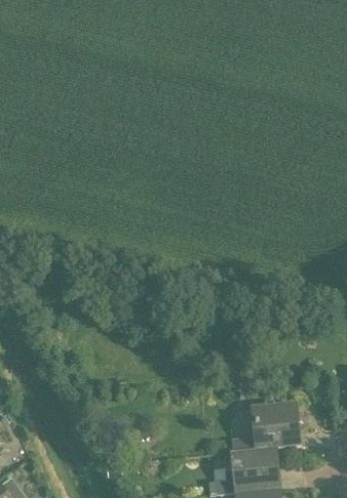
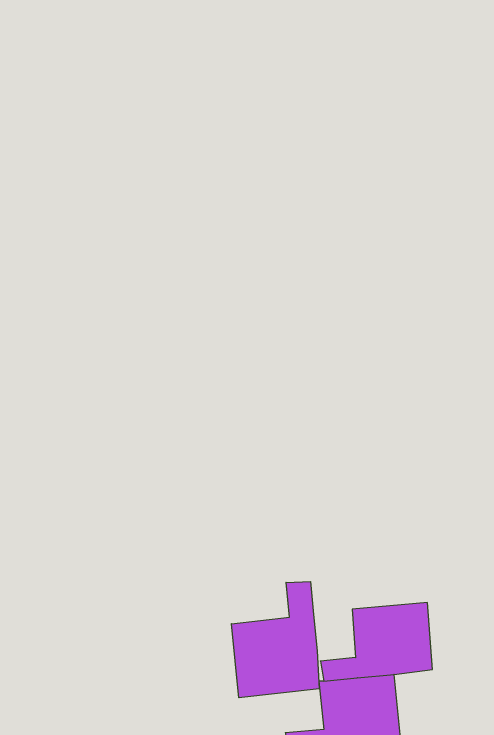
building: none -> [231,582,319,698]

